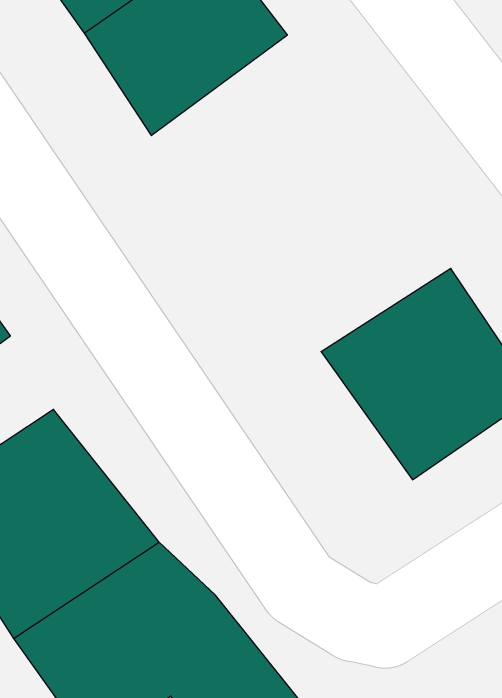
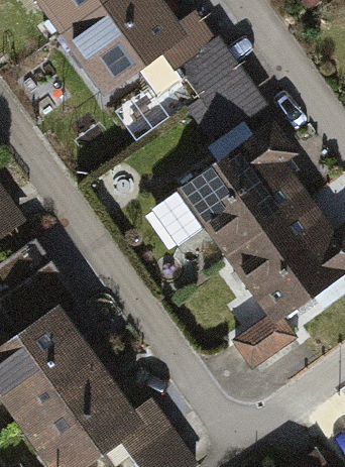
building: none -> [178,28,265,118]
building: none -> [164,113,296,242]

